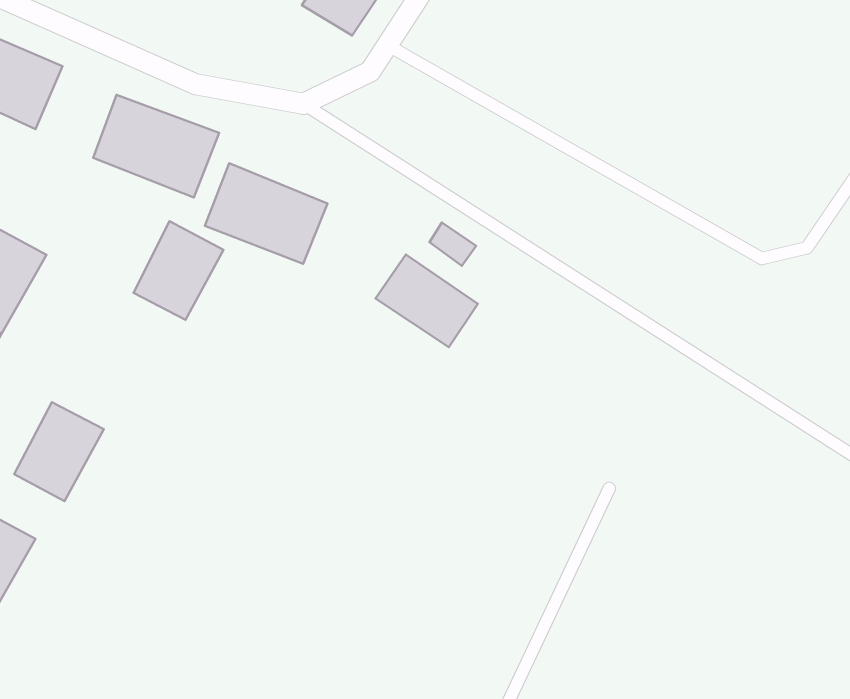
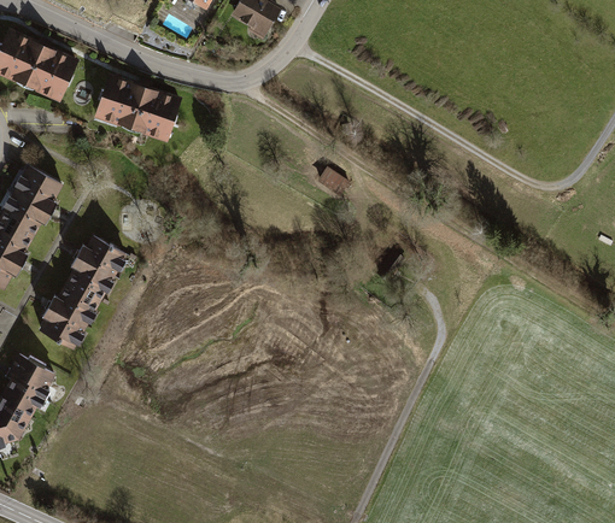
building: [205,163,328,264] -> none
building: [133,221,223,320] -> [65,233,125,299]
building: [375,255,478,347] -> none

